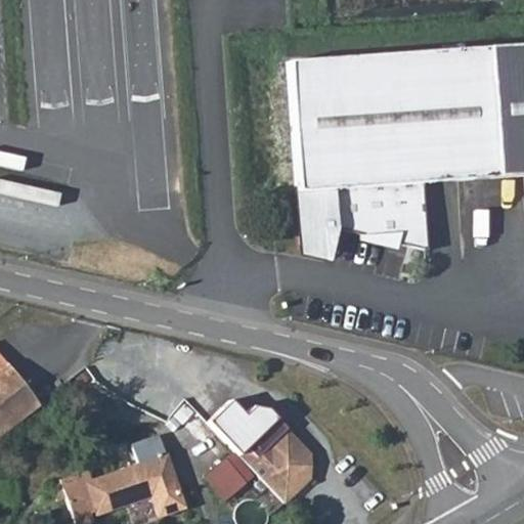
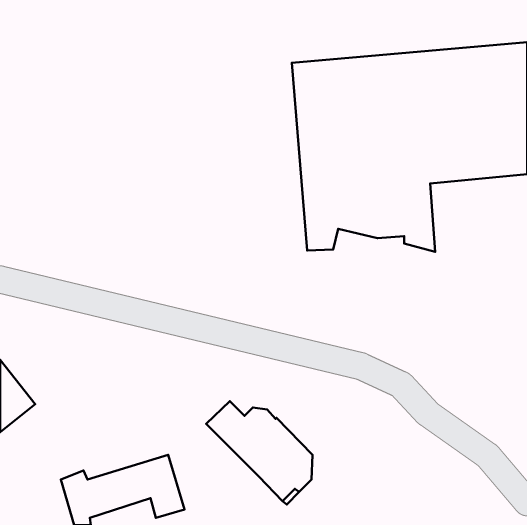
building: [205,450,251,495] -> none

